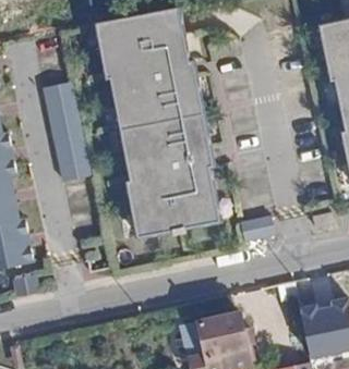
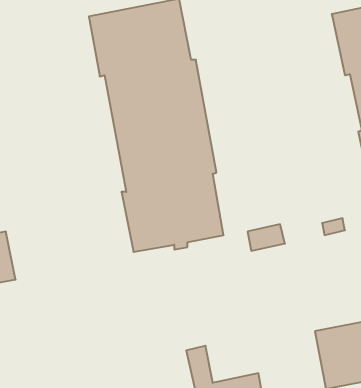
building: [41,82,92,181] -> none
building: [202,313,250,355] -> none

